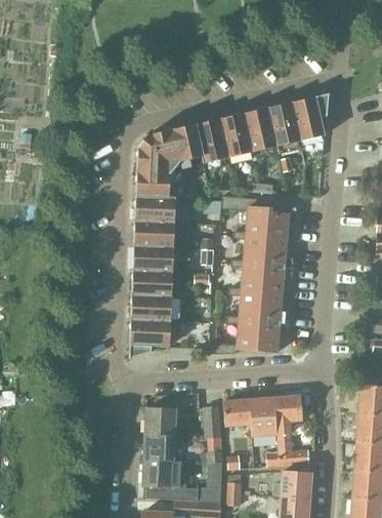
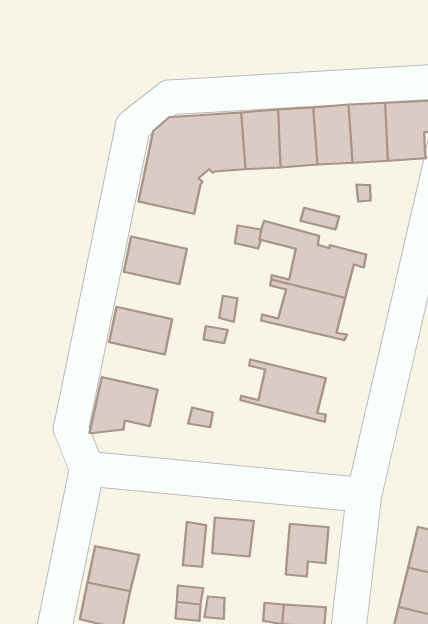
building: [135,196,175,223] -> none
building: [133,245,173,272] -> none
building: [229,263,291,294] -> none
building: [131,294,171,321] -> none
building: [216,319,287,354] -> none
building: [250,397,278,434] -> none
building: [145,408,177,435] -> none

